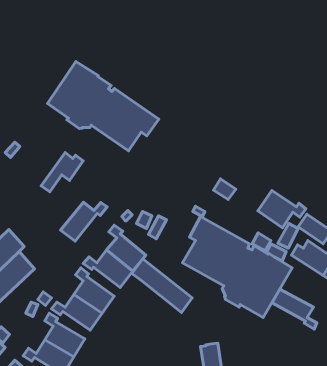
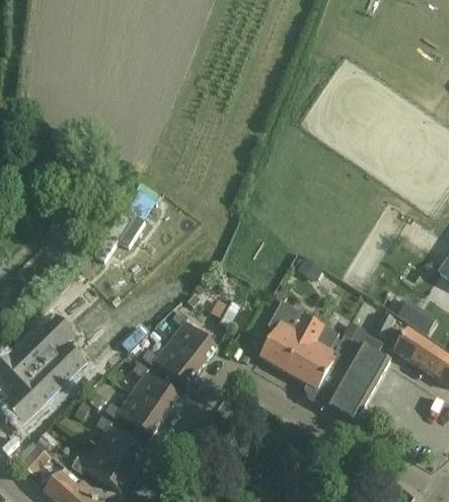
building: [48,61,159,151] -> none
building: [258,191,306,228] -> none
building: [61,202,107,241] -> none
building: [132,259,192,312] -> none
building: [272,289,317,329] -> none

